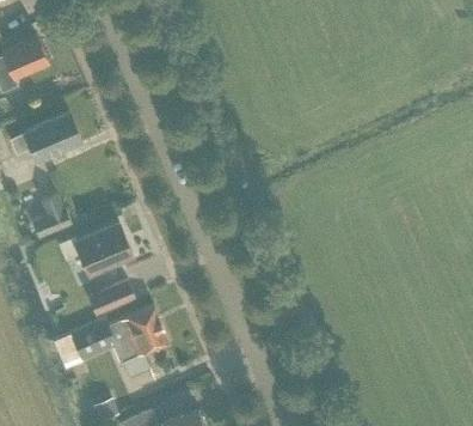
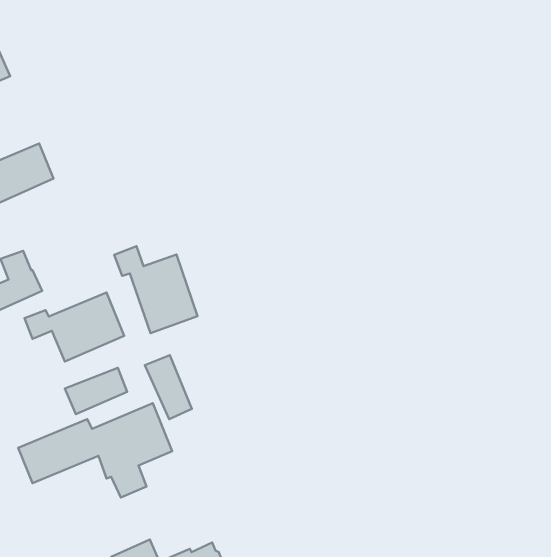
building: none -> [114,246,197,333]
building: none -> [145,355,192,419]

